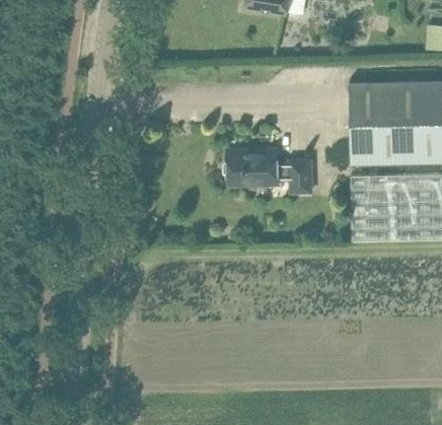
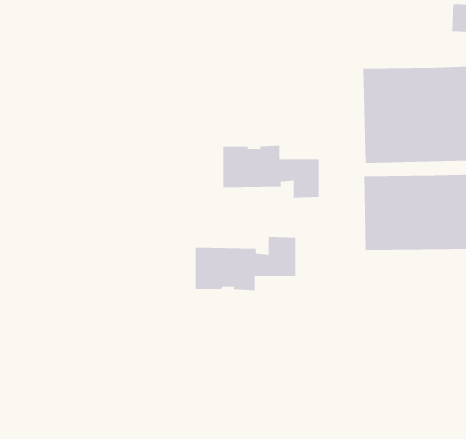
building: none -> [195,236,296,291]

